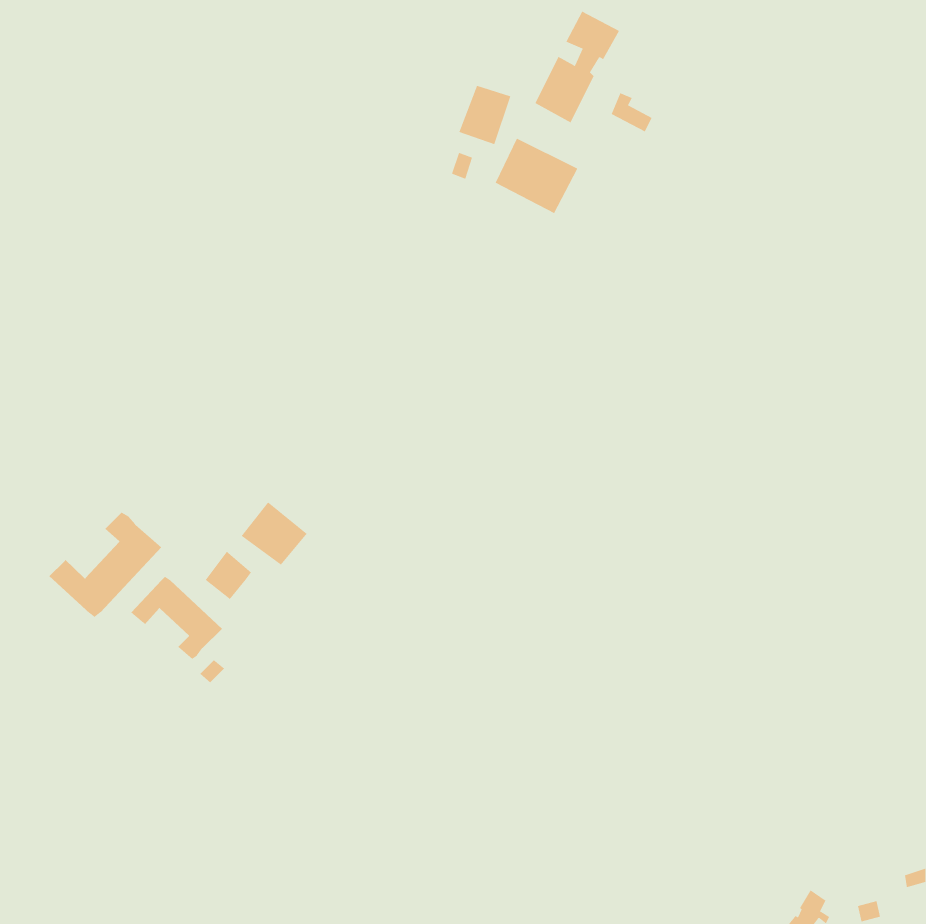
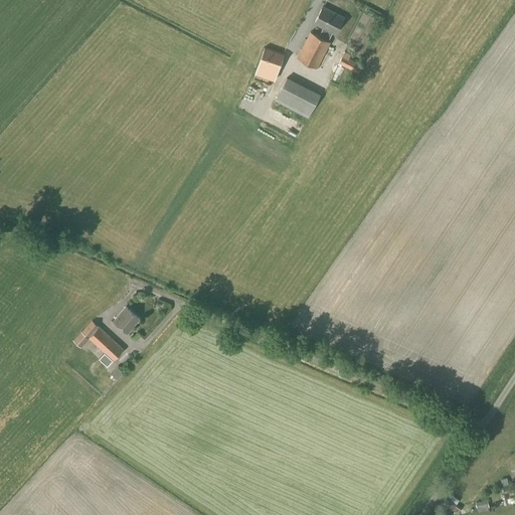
building: [241,501,308,566] -> none
building: [49,512,162,618] -> none

